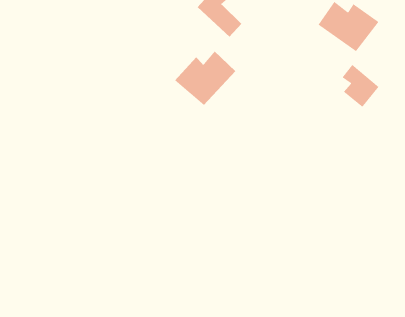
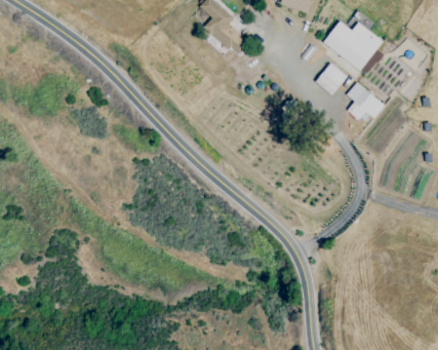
building: none -> [315,63,347,94]
building: [174,51,236,106] -> none

